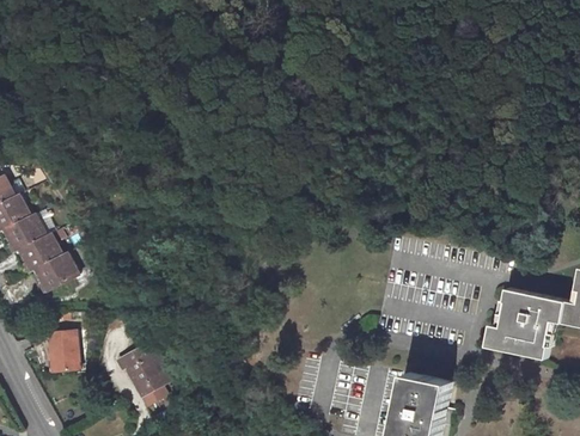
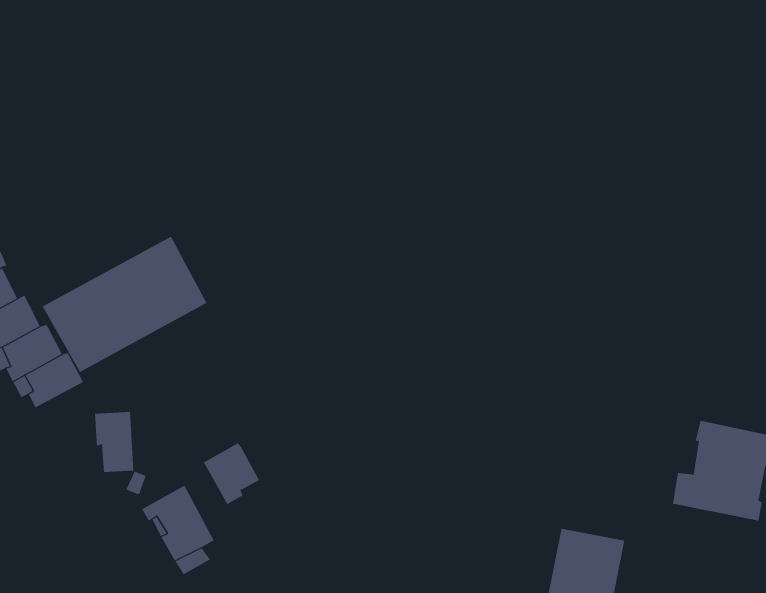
building: none -> [42,236,207,373]
building: none -> [203,443,260,505]
building: [50,327,78,369] -> [94,412,134,473]

